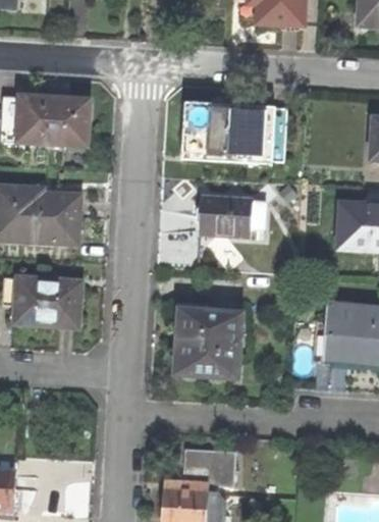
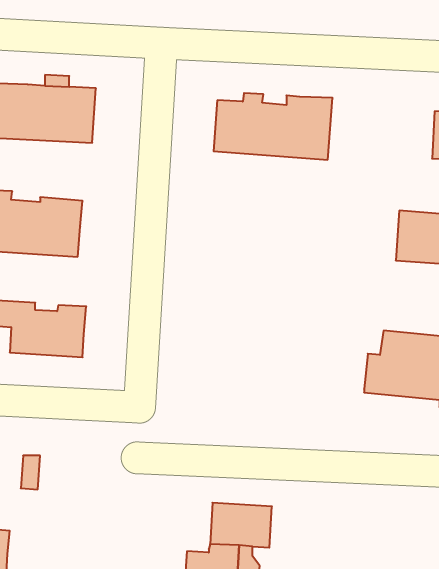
building: [199,197,266,238] -> none
building: [176,312,240,378] -> none

